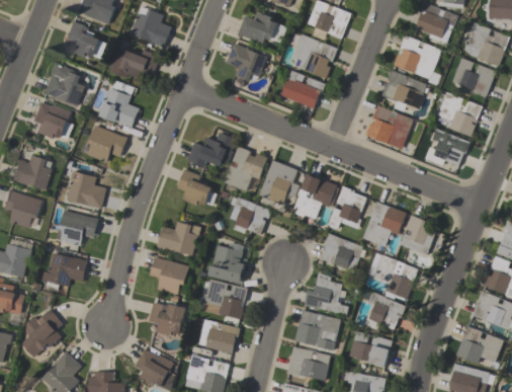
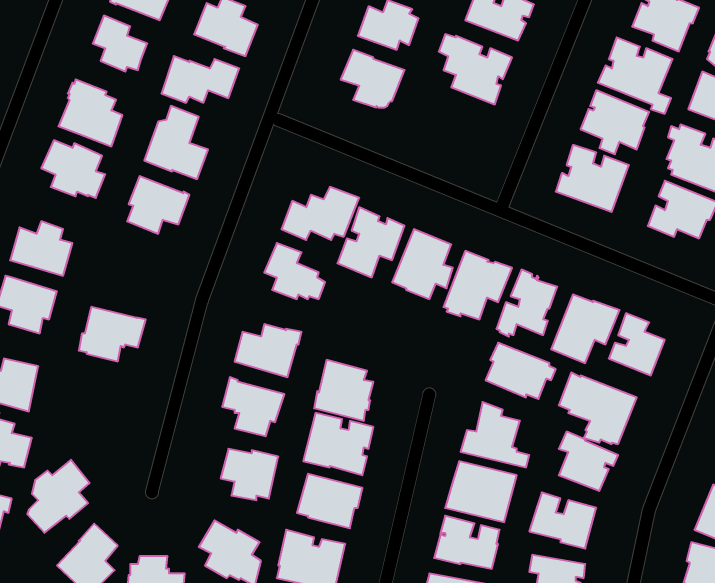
building: [280,71,325,108] -> none
building: [67,171,106,209] -> none
building: [230,197,271,235] -> none
building: [41,253,88,287] -> none

